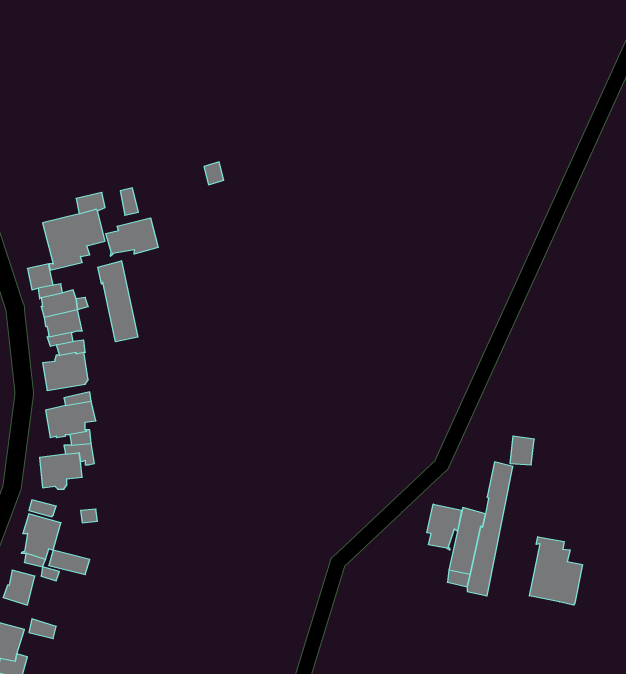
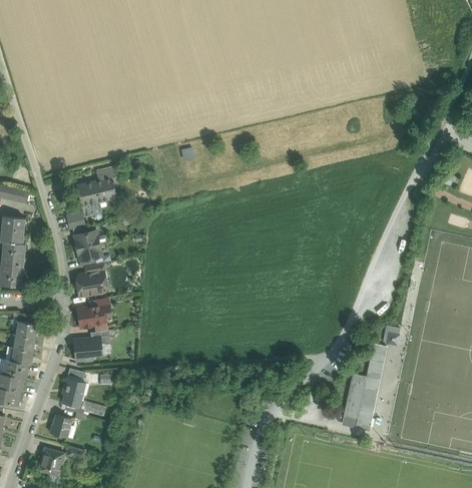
building: [106,218,158,256] -> none
building: [98,261,138,342] -> none
building: [427,504,462,550] -> none
building: [529,537,582,605] -> none

